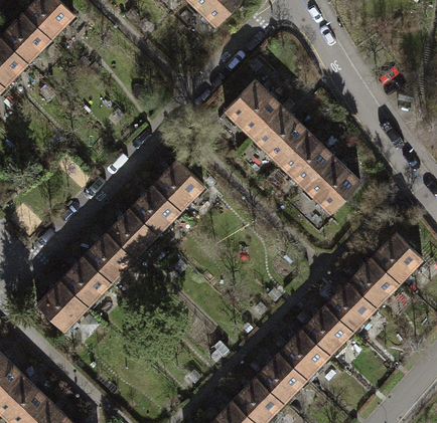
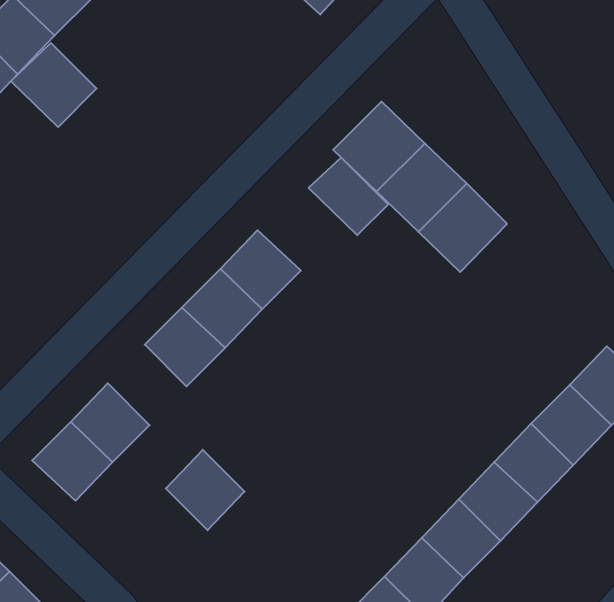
building: none -> [11,43,97,127]
building: none -> [309,157,388,235]
building: [304,157,360,213] -> none
building: [84,232,133,282] -> [166,450,245,530]

